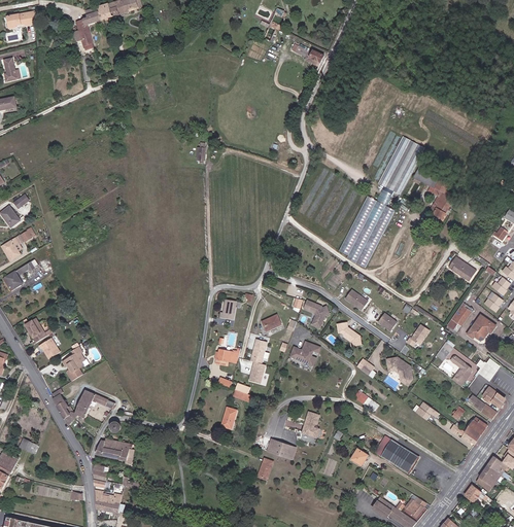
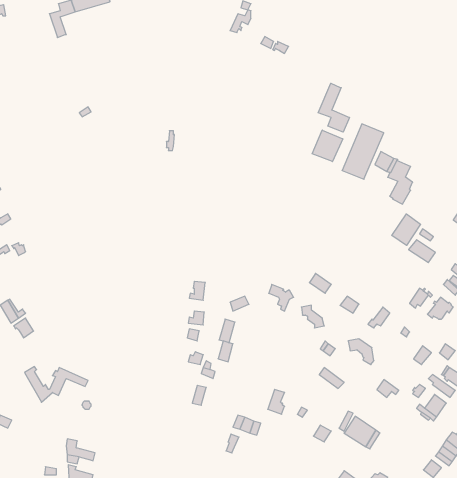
building: none -> [318,83,349,132]
building: none -> [312,130,343,162]
building: none -> [392,214,421,245]
building: [290,342,321,365] -> none
building: [62,346,83,380] -> none
building: [96,437,133,465] -> none

